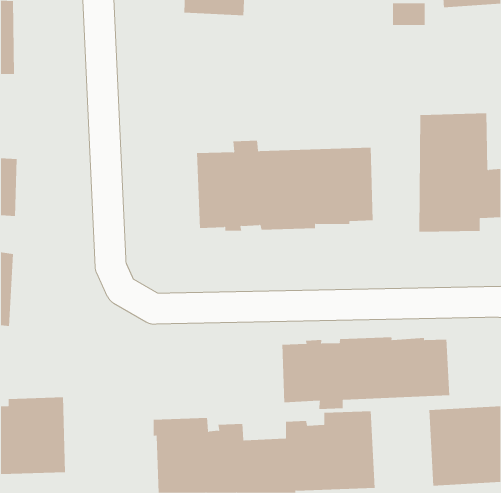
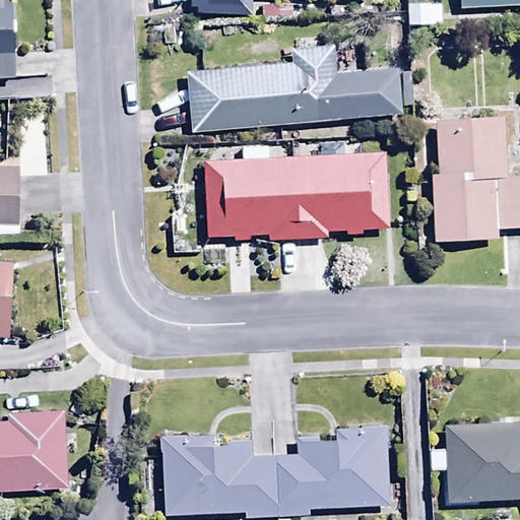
building: none -> [186,45,401,131]
building: [282,336,450,410] -> none

